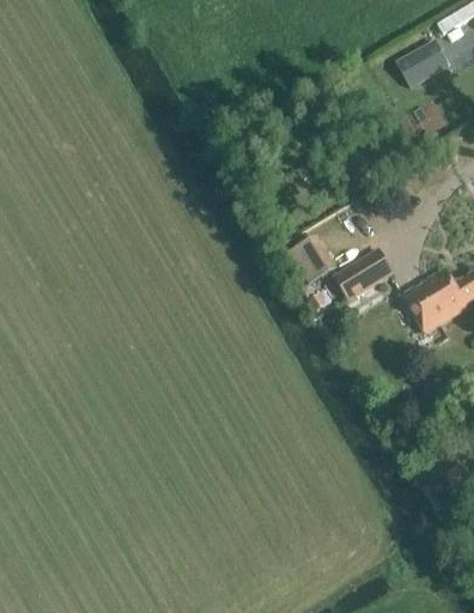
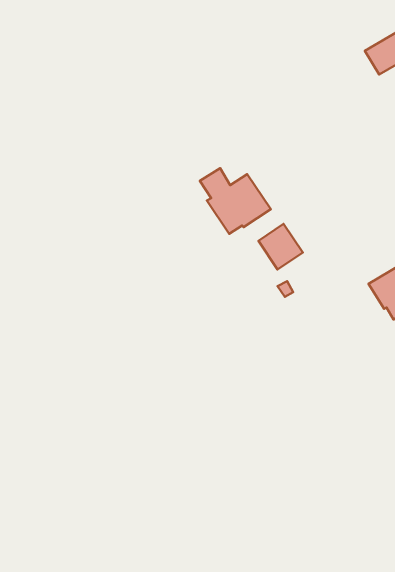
building: none -> [200,168,271,234]
building: [335,249,393,299] -> none

